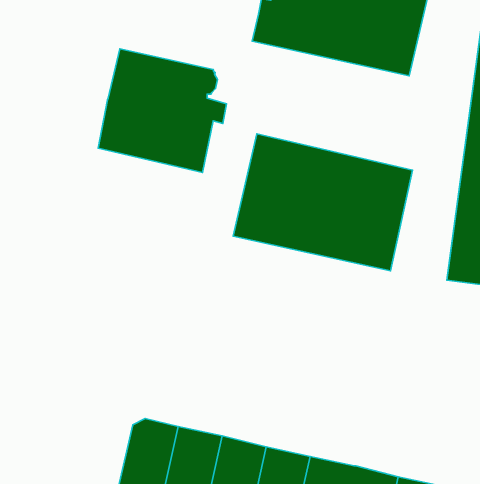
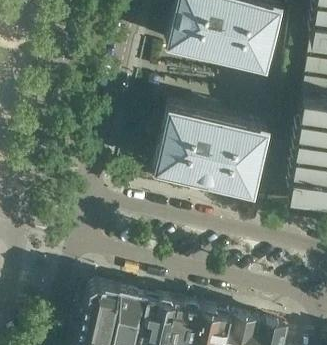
building: [98,49,226,172] -> none

